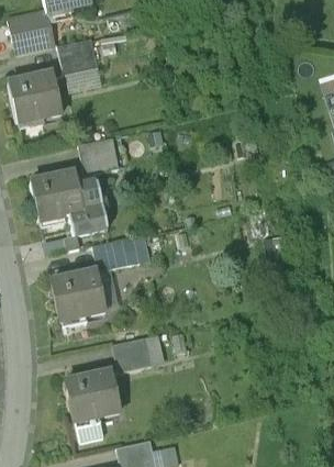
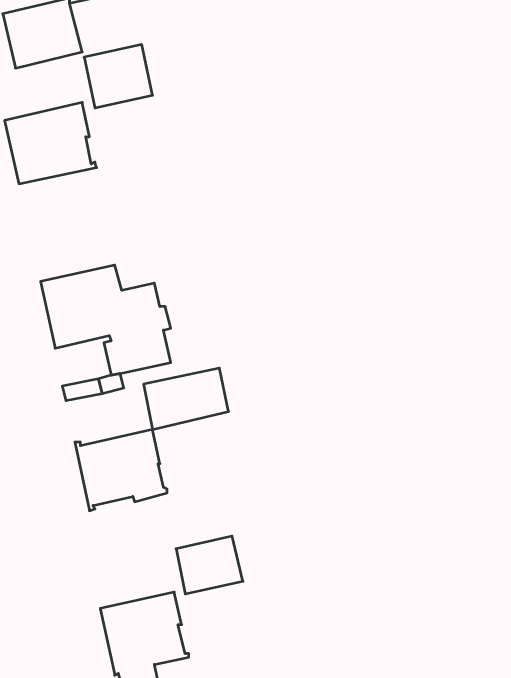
building: [79,136,119,174] -> none

